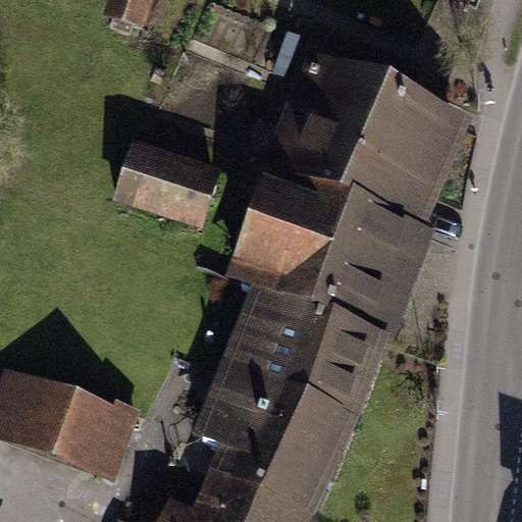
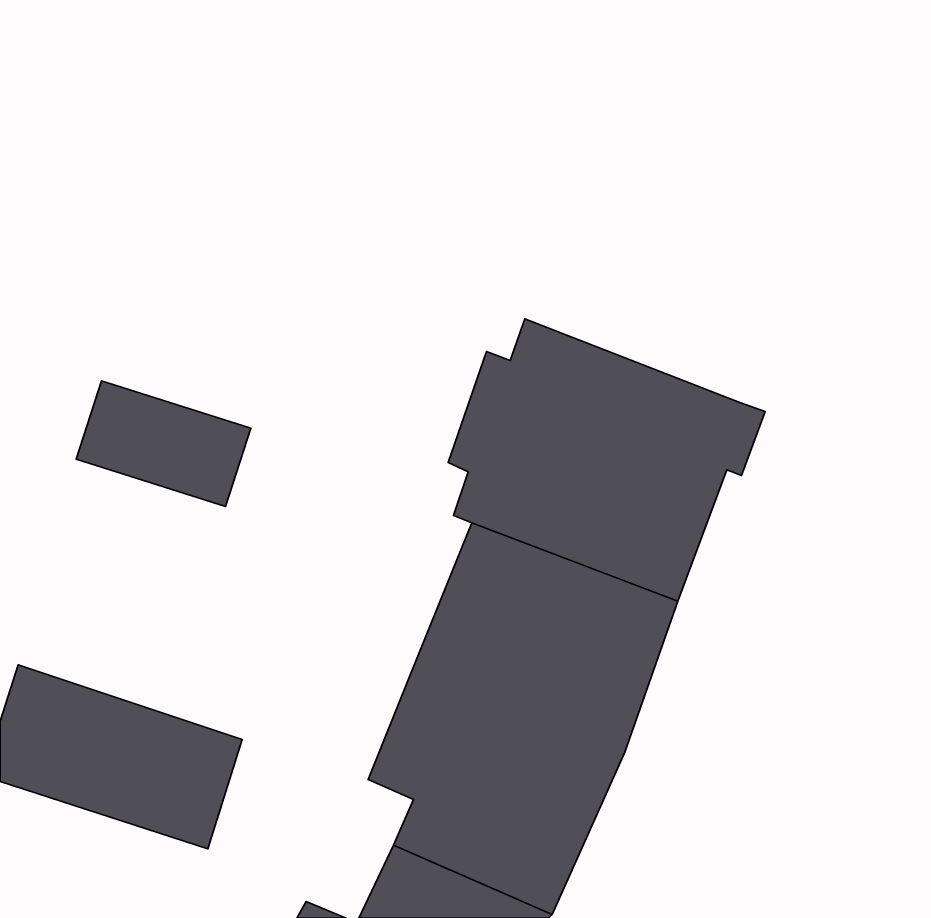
building: [277,68,455,225] -> none
building: [120,154,218,224] -> [76,381,251,507]

